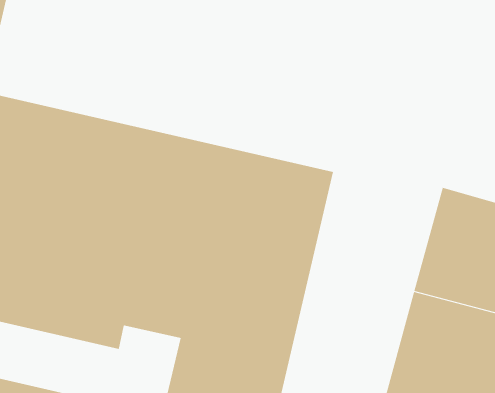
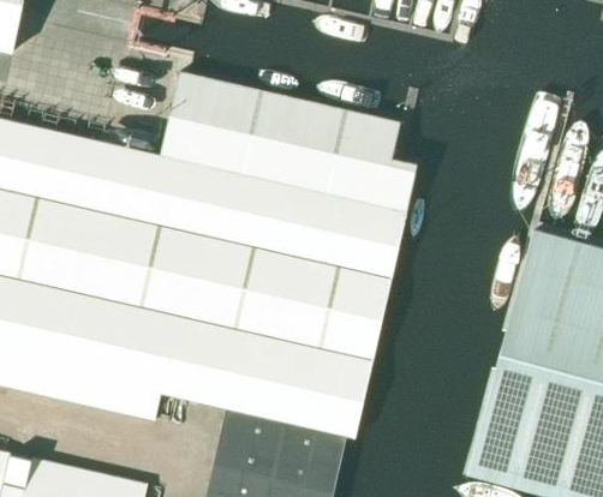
building: none -> [161,72,418,211]

